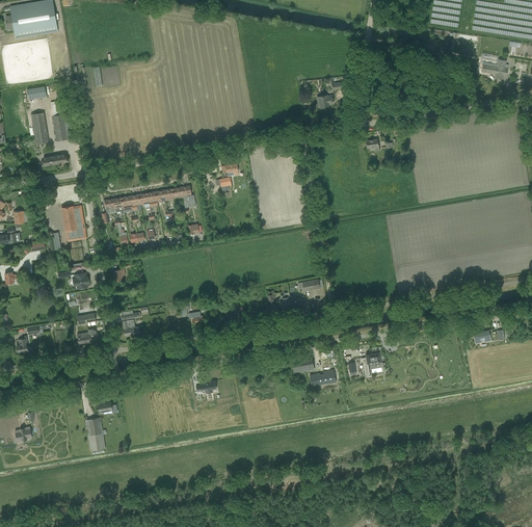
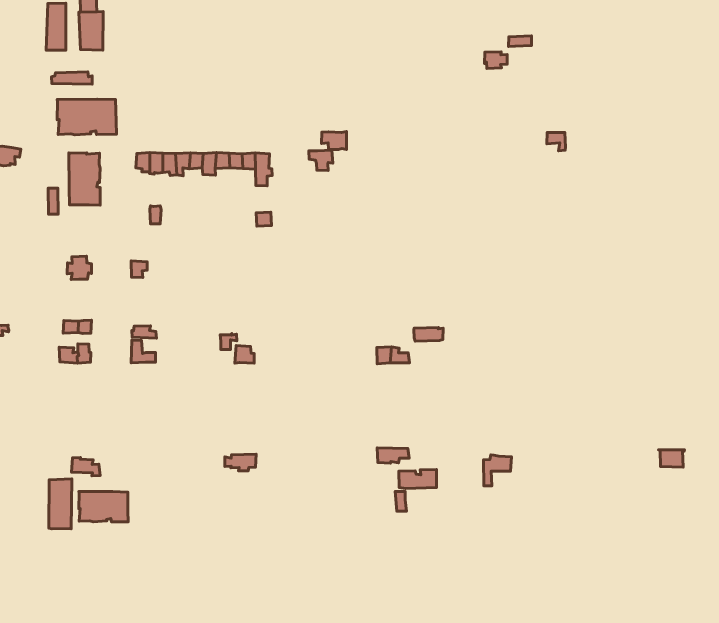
building: none -> [57,99,117,135]
building: none -> [79,491,128,522]

